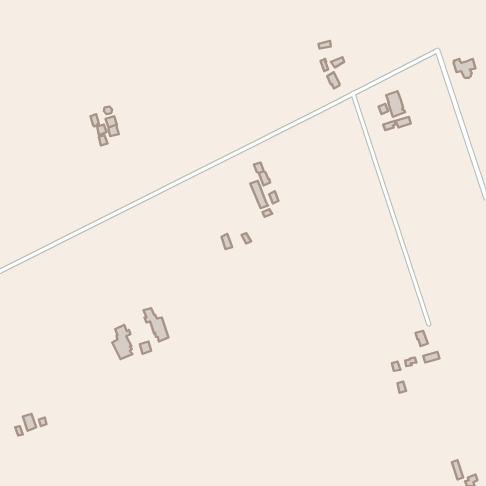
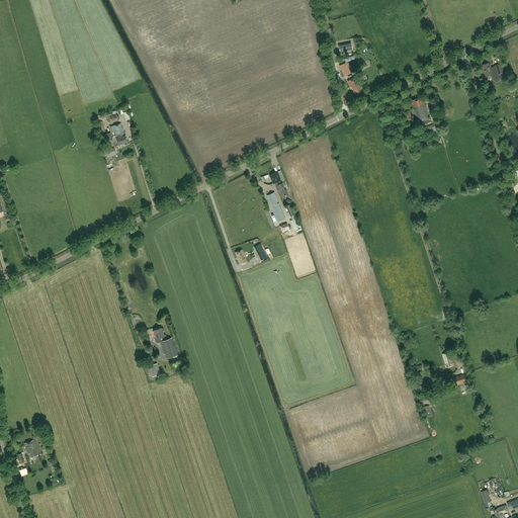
building: [112,325,132,359] -> none

